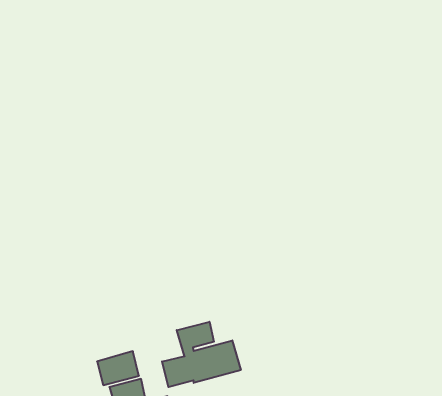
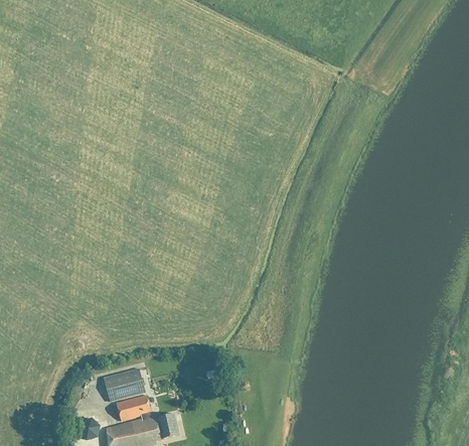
building: [162,322,241,387] -> none

